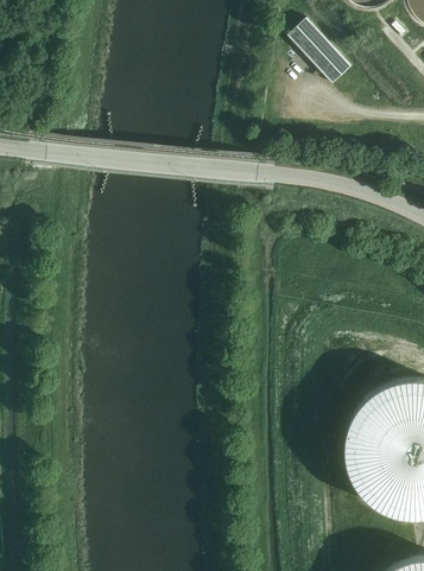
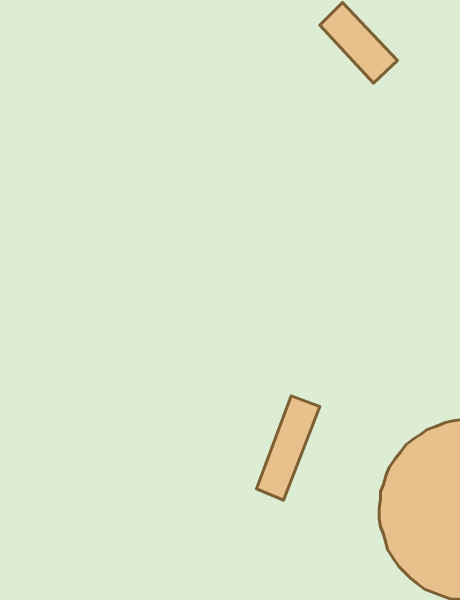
building: none -> [256,396,320,500]

